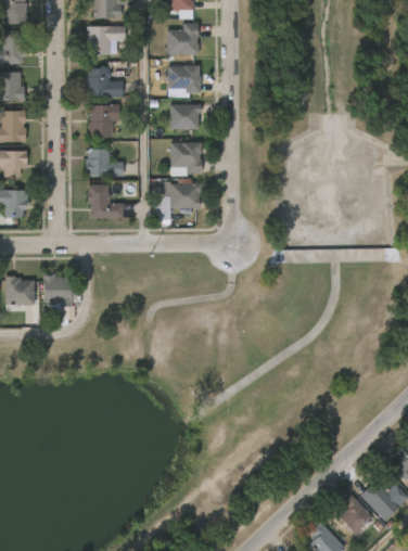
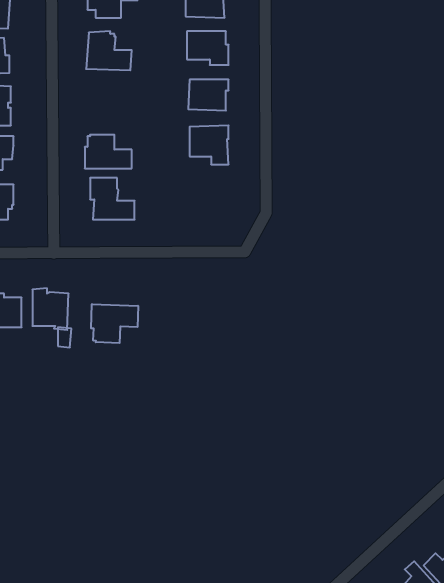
building: [88,104,119,138] -> none
building: [150,182,202,208] -> none
building: none -> [91,304,138,343]

